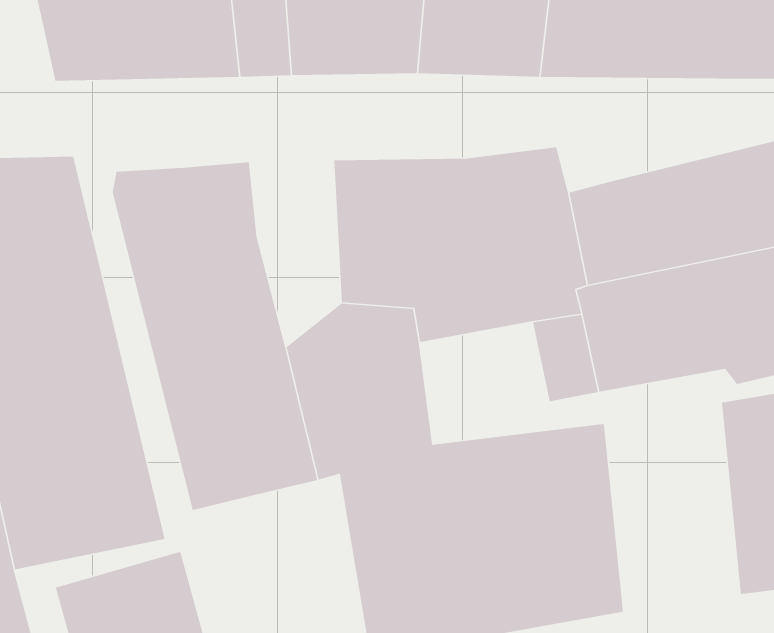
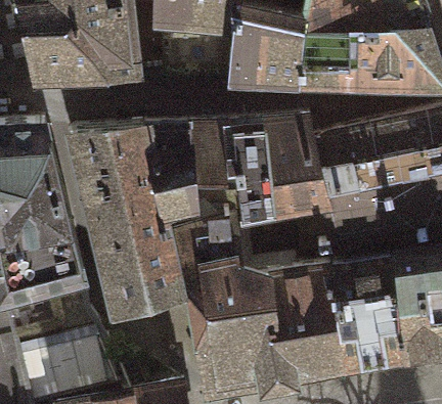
building: none -> [138,122,187,222]
building: none -> [328,252,401,364]

